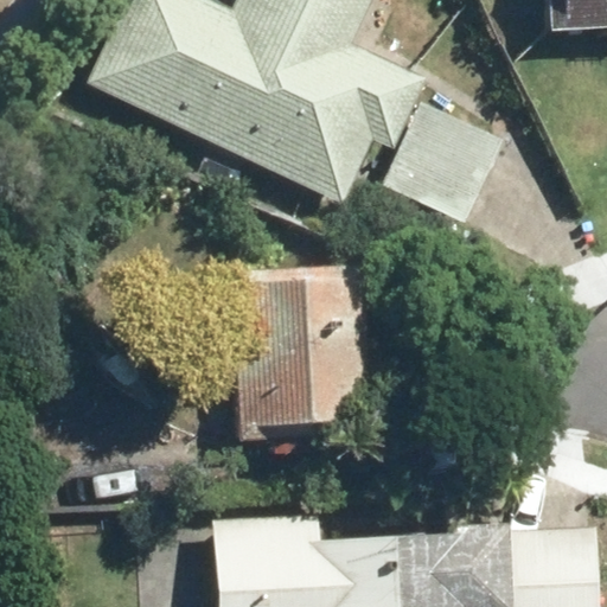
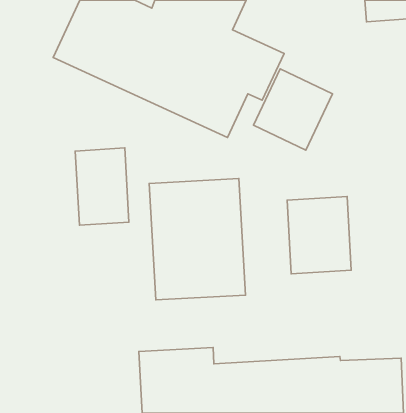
building: none -> [75,148,129,225]
building: none -> [287,197,351,274]

